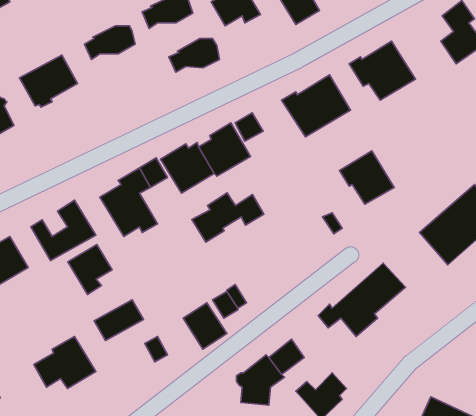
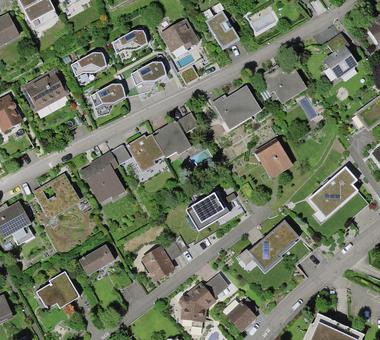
building: none -> [90,82,126,106]
building: [192,193,264,242] -> [189,192,240,227]
building: [68,244,112,295] -> none

